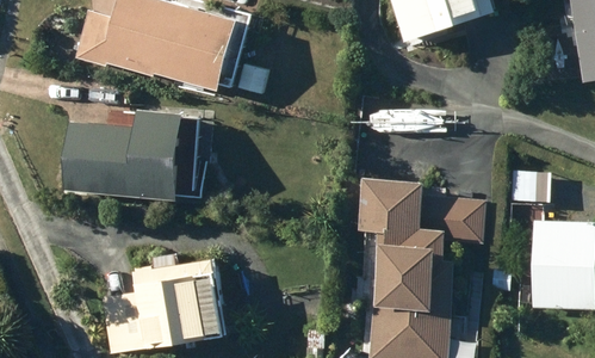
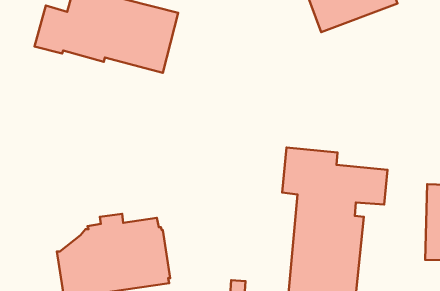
building: [62,111,187,199] -> none

